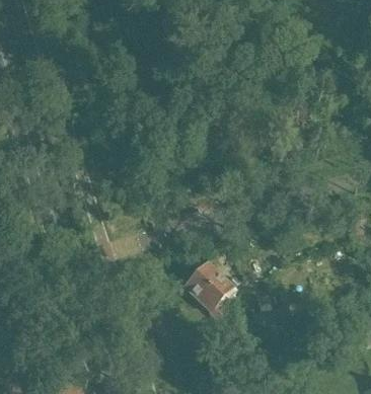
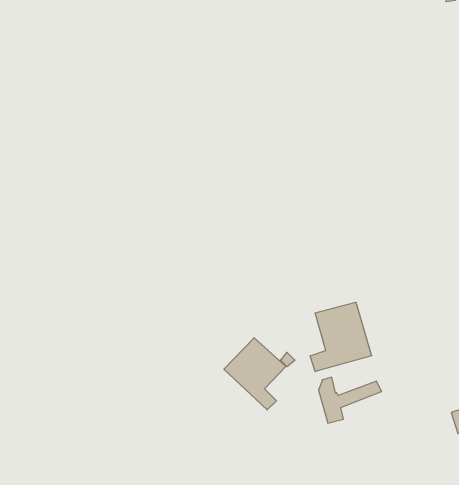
building: none -> [310,302,371,372]

